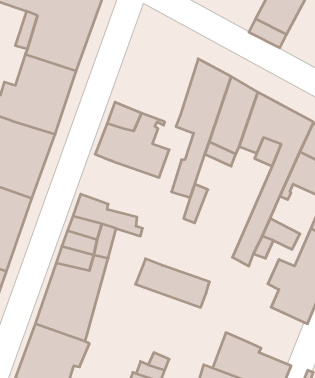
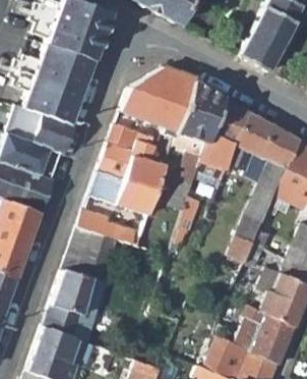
building: none -> [122,65,196,134]
building: [135,259,210,307] -> [90,168,159,213]
building: none -> [244,302,295,363]

